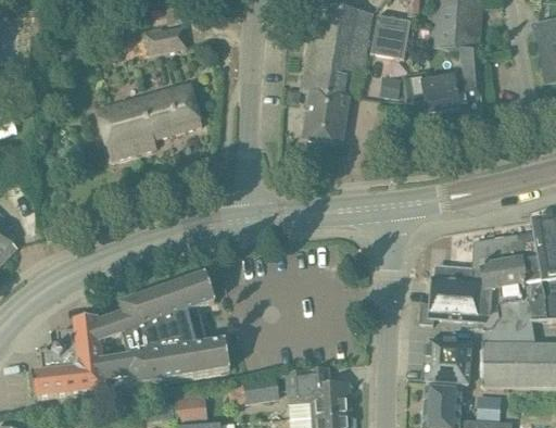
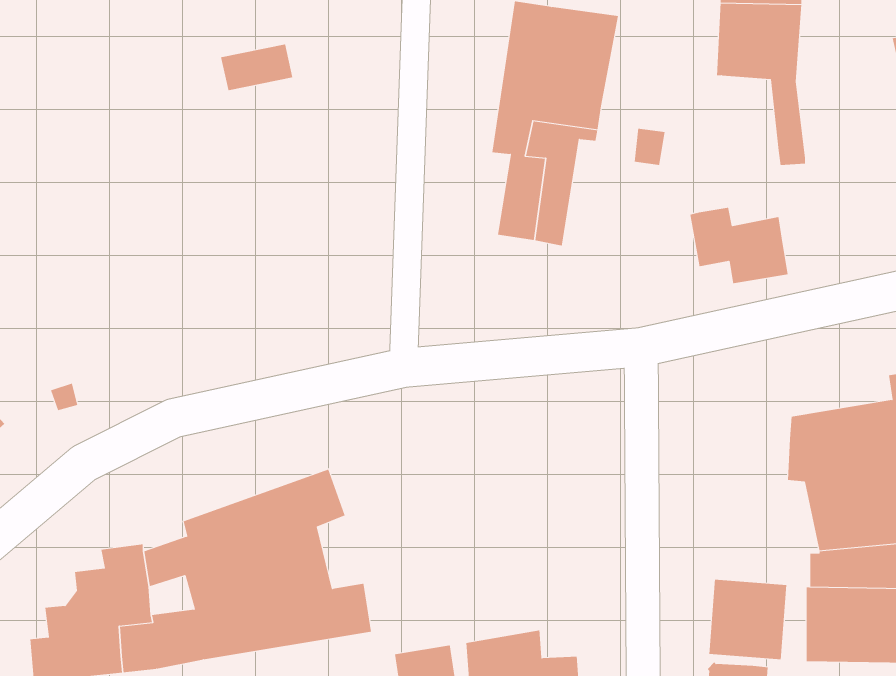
building: [370,14,412,59] -> none
building: [402,68,459,113] -> [689,207,789,284]
building: [96,85,201,161] -> none
building: [419,277,490,325] -> none

